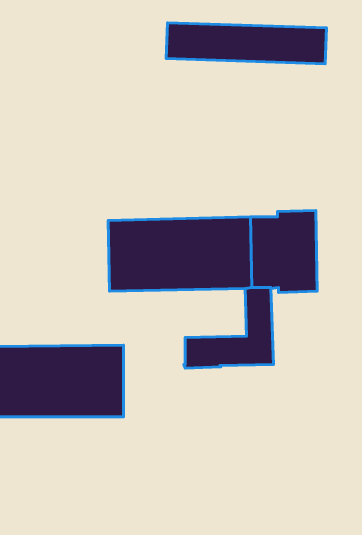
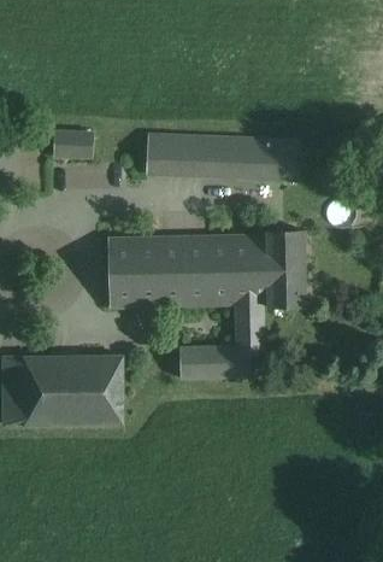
building: [166,23,327,64] -> [148,134,299,172]
building: none -> [52,128,92,152]

